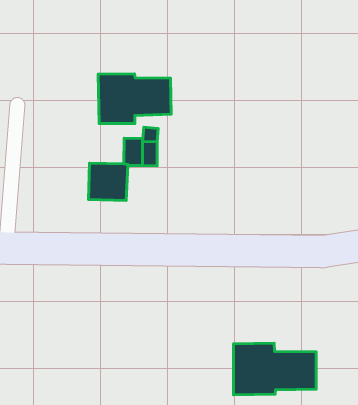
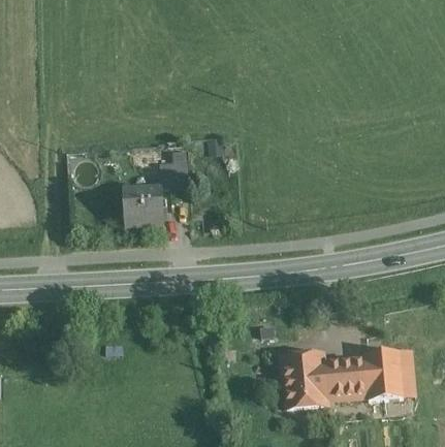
building: [98,74,171,123] -> none
building: none -> [364,349,403,397]

